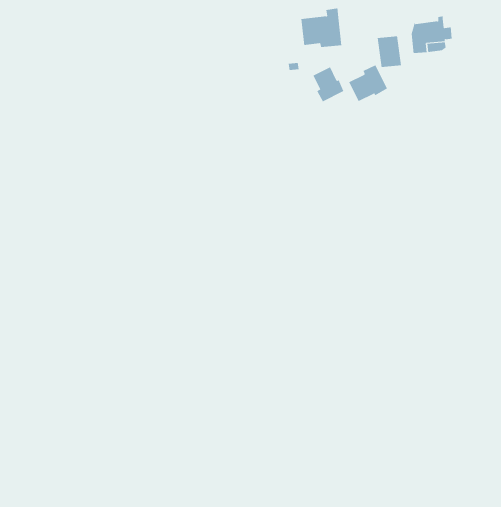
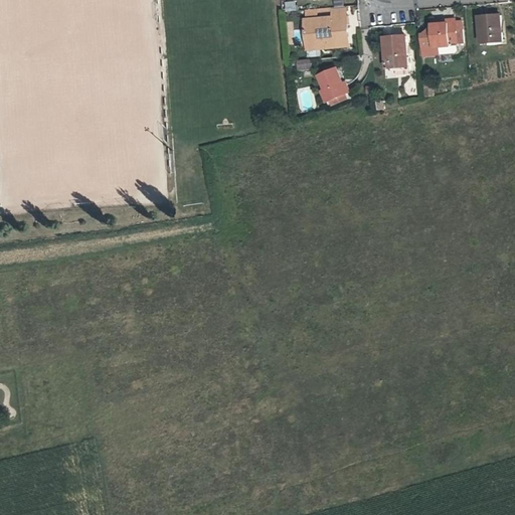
building: none -> [474,14,497,41]
building: [348,65,388,102] -> none

